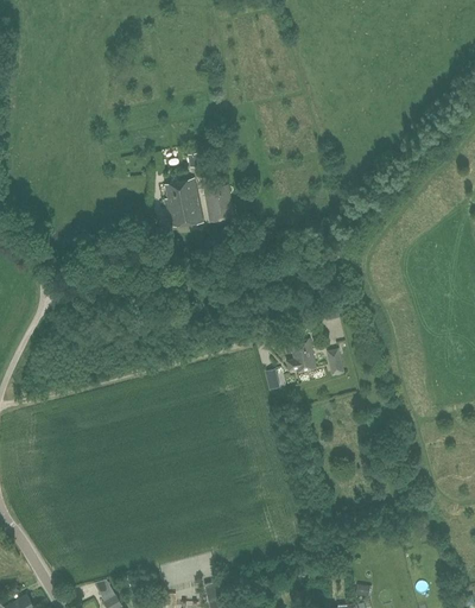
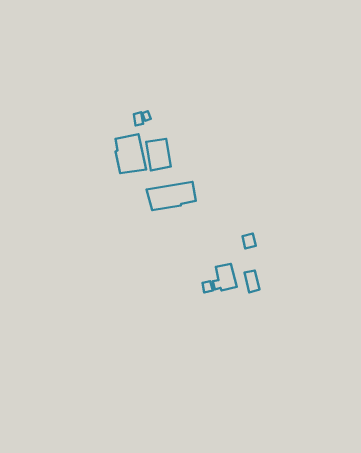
building: none -> [147,182,196,210]

